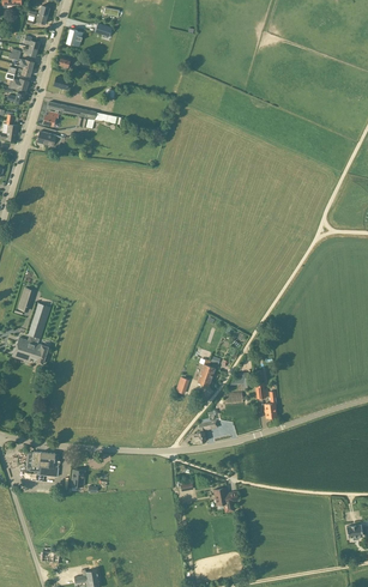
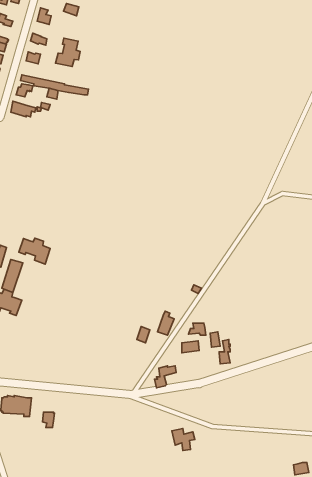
building: none -> [56,38,80,66]
building: none -> [19,238,50,264]

